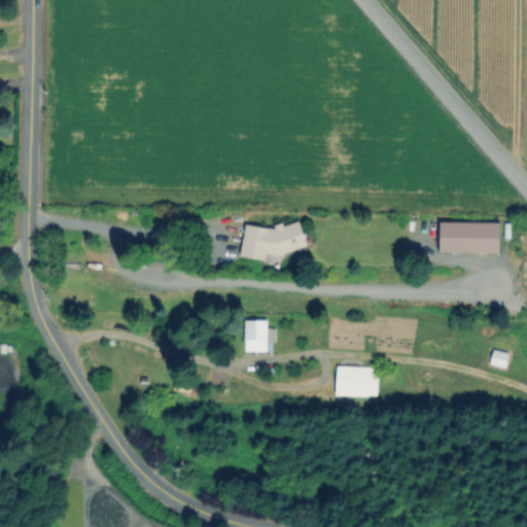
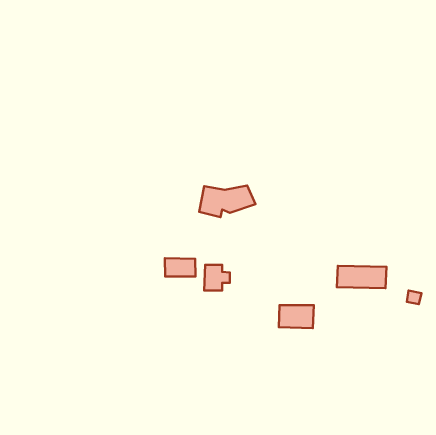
building: [438,221,498,248] -> [337,266,386,288]
building: none -> [165,258,195,277]

